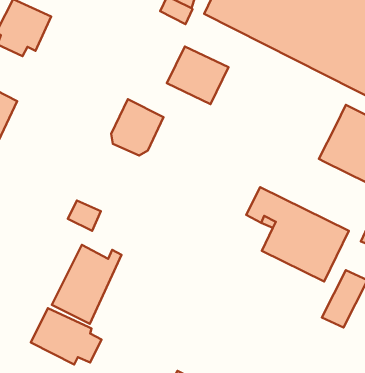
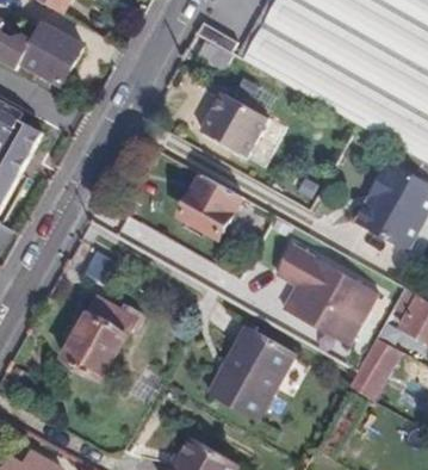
building: [111,99,164,156] -> [184,174,241,235]
building: none -> [210,326,296,420]
building: [31,308,102,365] -> none

